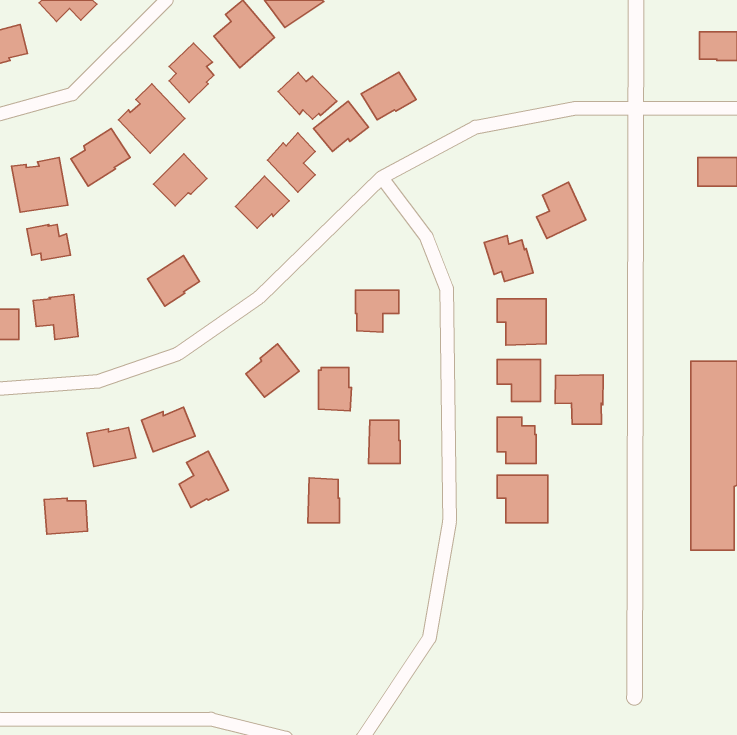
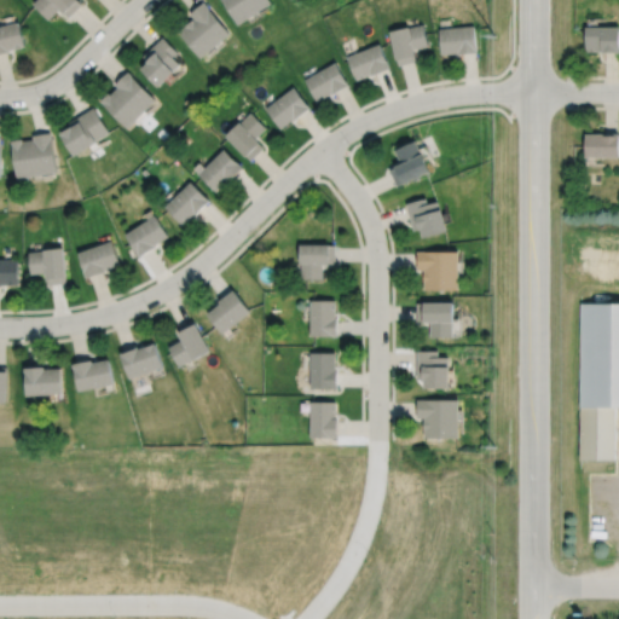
building: none -> [388,25,427,66]
building: none -> [436,25,476,56]
building: none -> [343,44,389,81]
building: [278,73,337,119] -> none
building: [153,154,207,206] -> [164,183,209,226]
building: [537,182,586,238] -> [388,141,429,189]
building: [27,224,70,260] -> none
building: none -> [76,242,118,279]
building: [318,367,352,411] -> [308,302,336,339]
building: [555,375,603,424] -> none
building: [179,451,228,507] -> [168,320,209,368]
building: [308,478,340,523] -> [308,403,335,440]
building: [44,498,87,534] -> [24,368,60,398]

